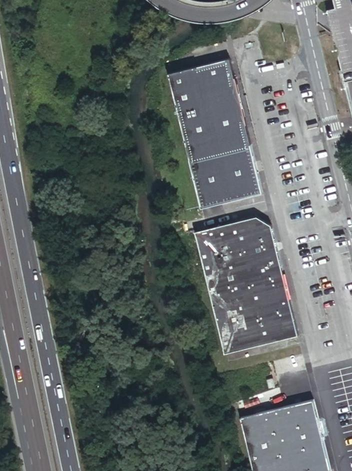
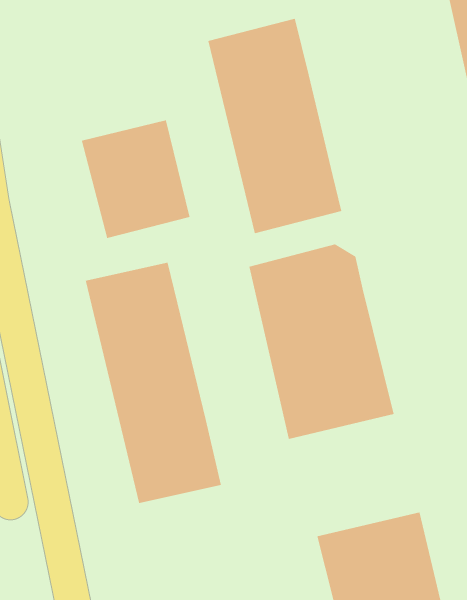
building: none -> [81,120,190,239]
building: none -> [85,262,222,504]

